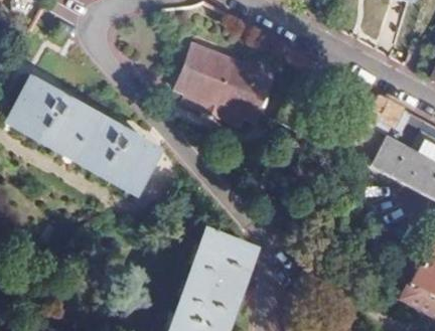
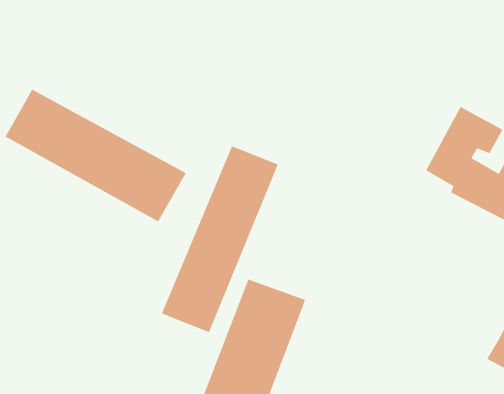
building: [178,44,272,127] -> none
building: none -> [161,145,279,333]

